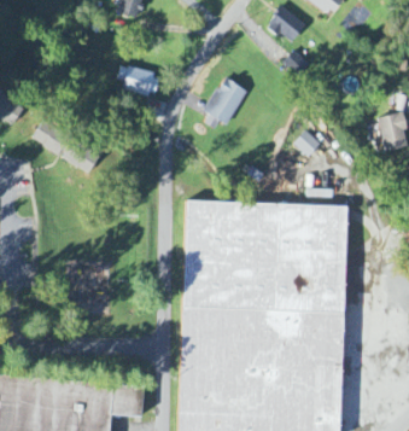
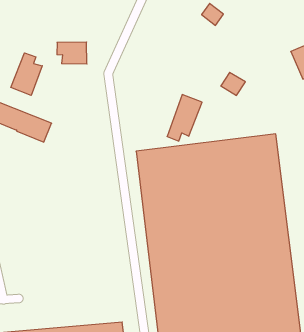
building: none -> [11,53,42,95]
building: [203,77,247,128] -> [167,95,202,141]

